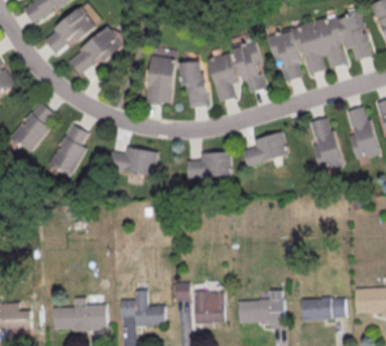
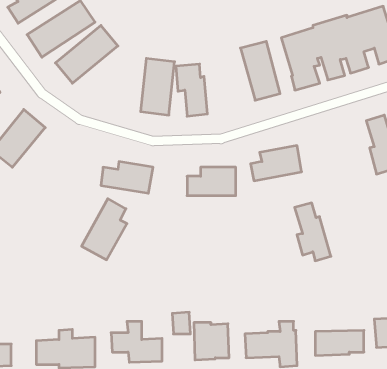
building: [205,52,236,102] -> none
building: [309,117,342,168] -> [295,203,331,261]
building: [49,123,90,178] -> [82,199,127,260]

